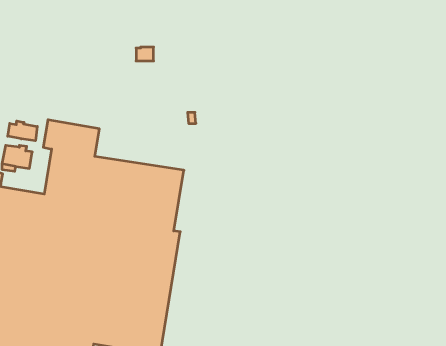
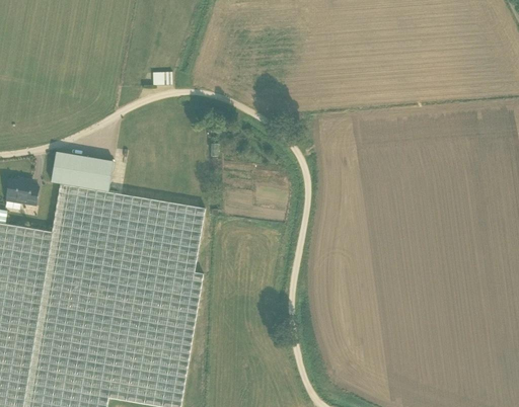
building: [8,121,37,141] -> none

